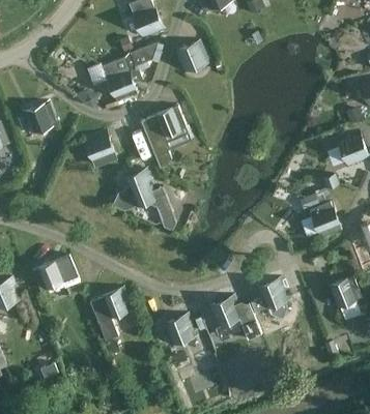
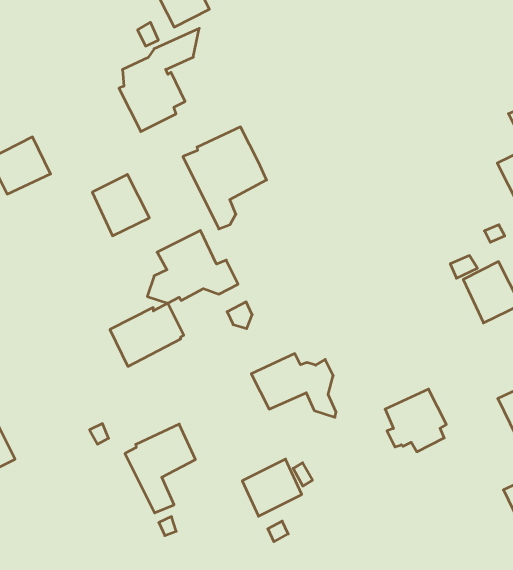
building: [174,40,211,75] -> none
building: [32,256,78,293] -> [110,303,184,366]
building: [207,296,258,337] -> [251,354,336,417]

